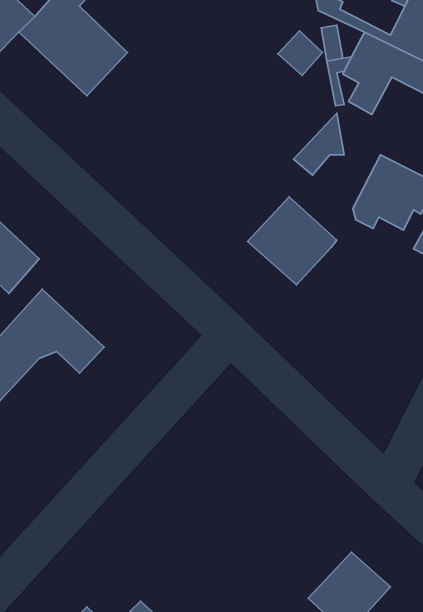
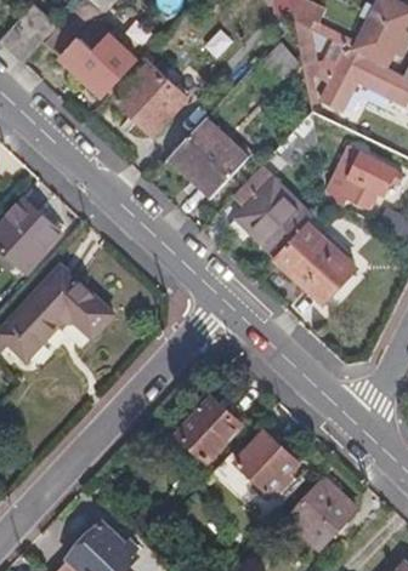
building: none -> [114,63,187,136]
building: none -> [166,122,243,199]
building: none -> [274,223,353,302]
building: none -> [178,398,240,459]
building: none -> [240,435,304,497]

